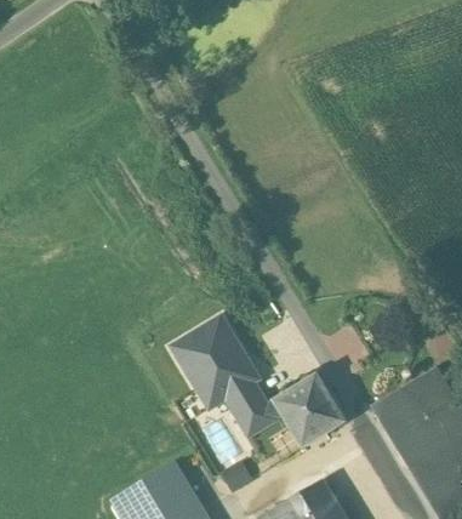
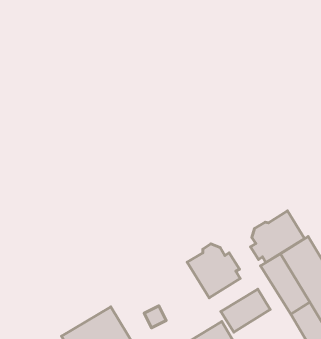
building: [181,319,279,434] -> none
building: none -> [250,211,305,262]
building: none -> [221,289,270,332]

